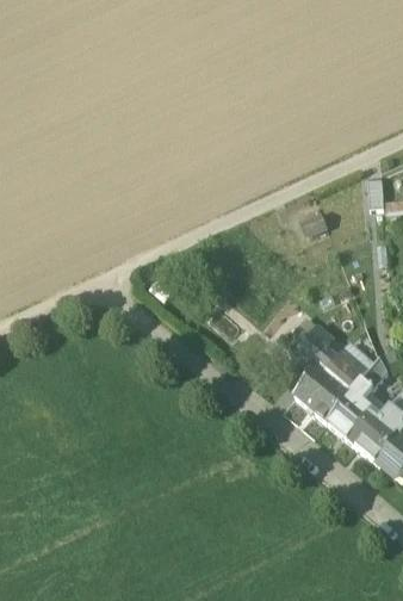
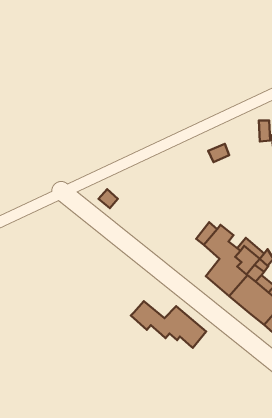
building: none -> [131,301,206,348]

